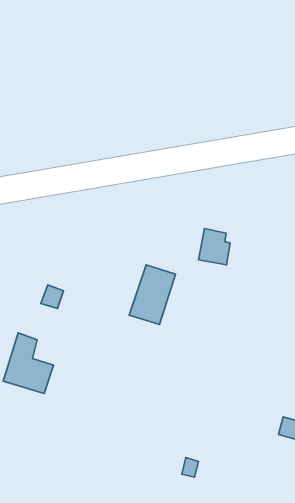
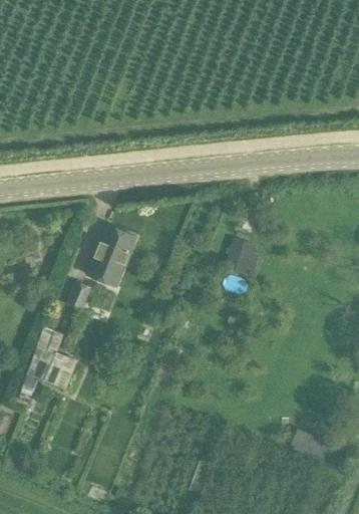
building: [129,265,175,324] -> [86,226,134,285]

